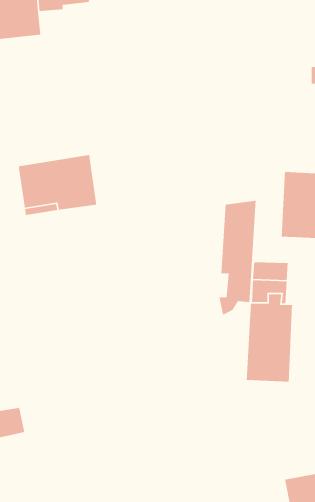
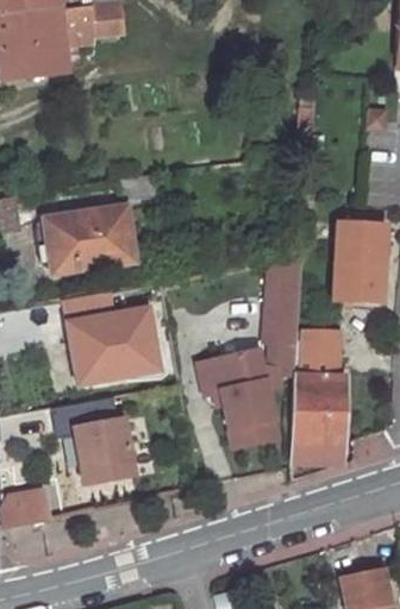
building: none -> [62,307,154,382]
building: none -> [211,347,281,446]
building: none -> [75,416,136,482]

